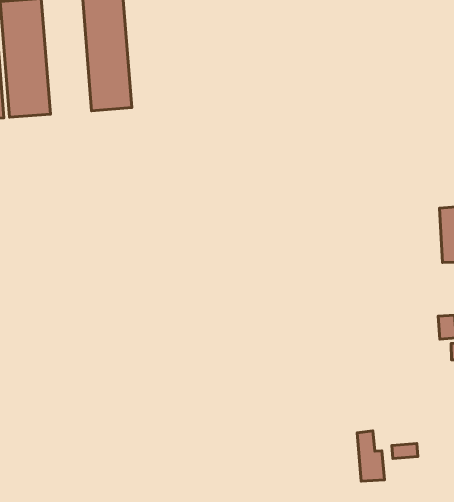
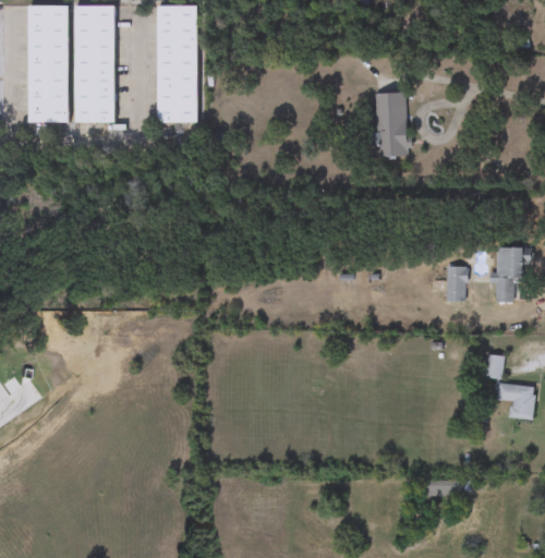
building: none -> [376,93,409,156]
building: none -> [447,267,467,302]
building: [357,431,385,481] -> none

